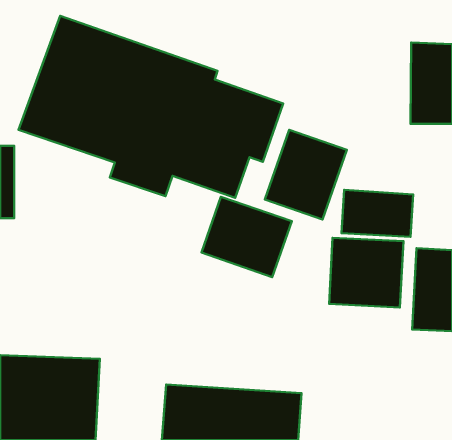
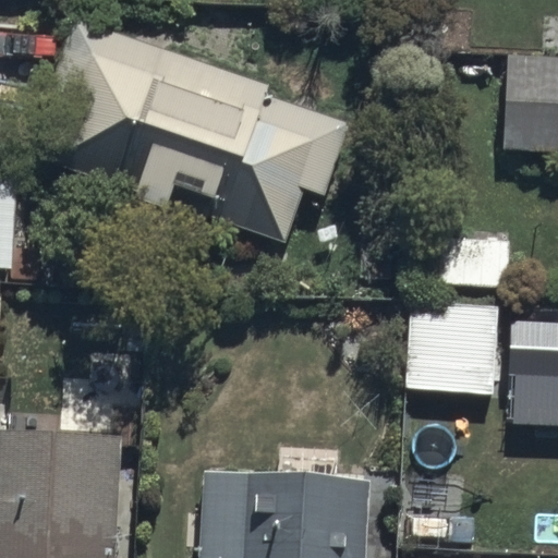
building: [265,130,347,220] -> none
building: [201,197,292,277] -> none

